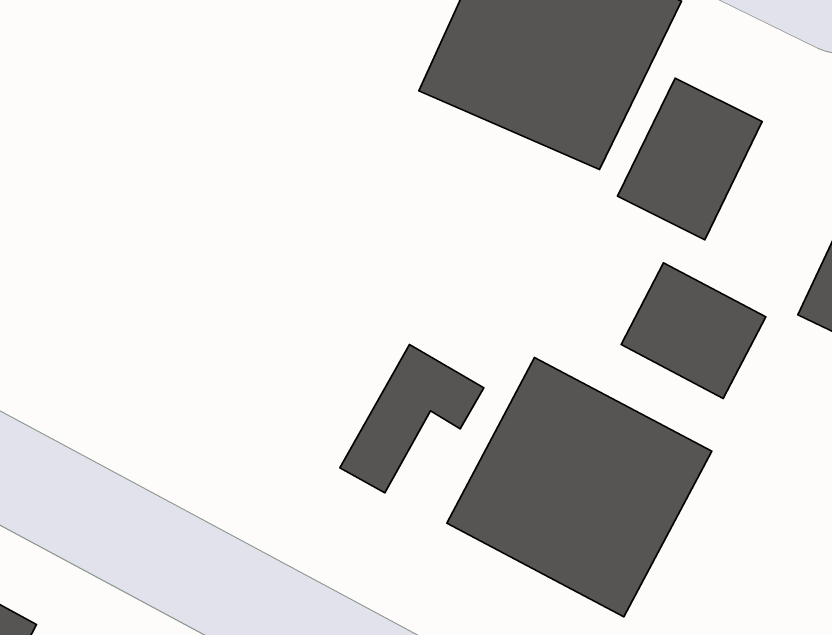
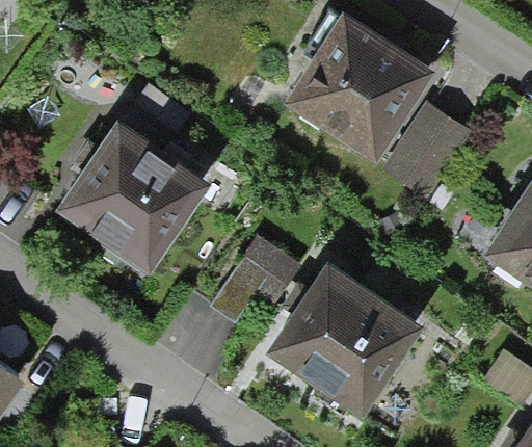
building: none -> [55,116,209,269]
building: [621,263,766,399] -> none

